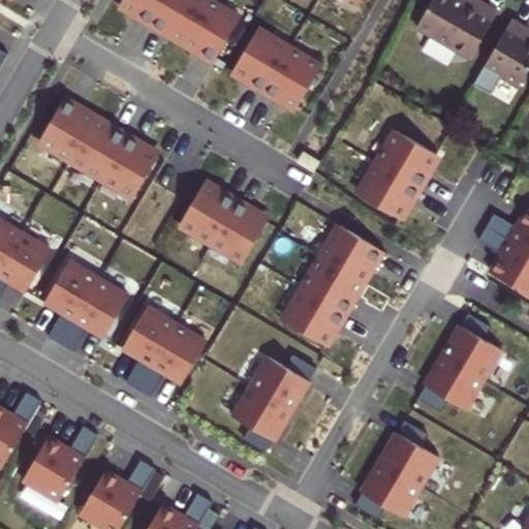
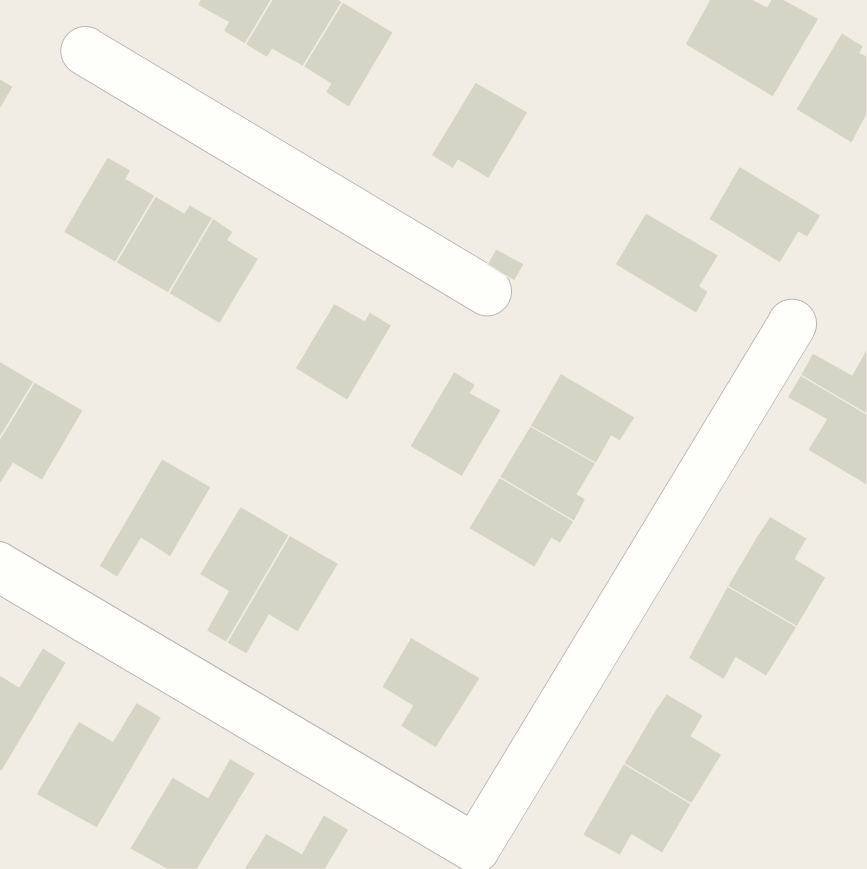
building: [232,30,288,94] -> none
building: [354,160,423,219] -> [709,166,821,263]
building: [211,197,267,261] -> [409,371,501,477]
building: [43,260,98,343] -> none
building: [249,355,315,411] -> none

